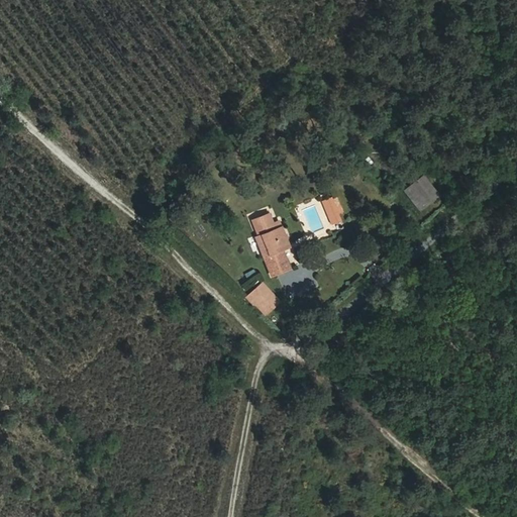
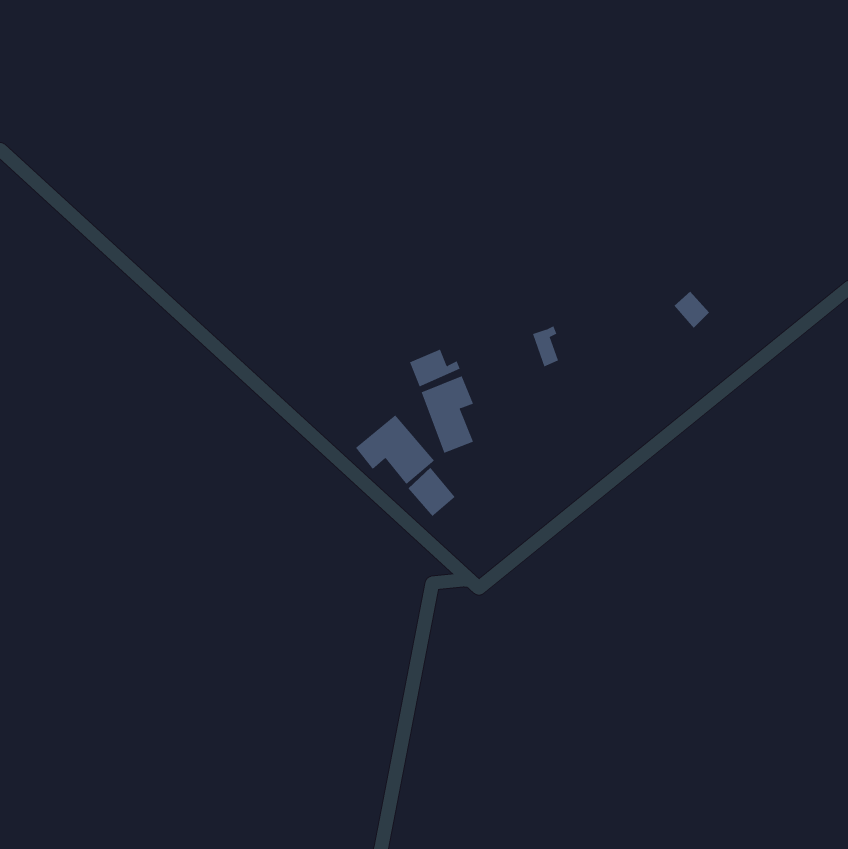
building: none -> [355,414,435,485]

